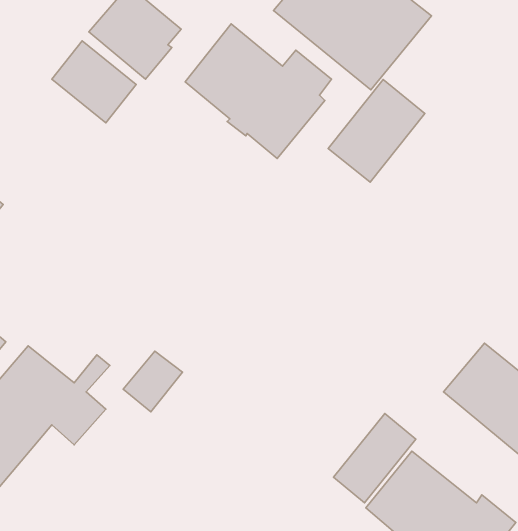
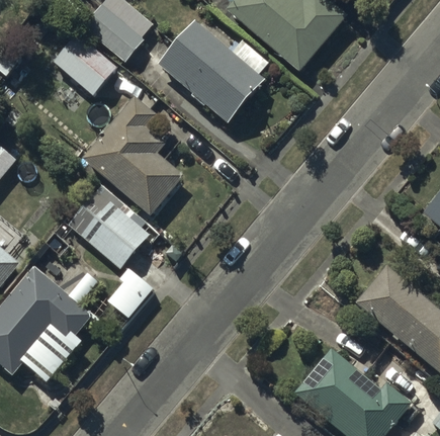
building: [328,79,425,182] -> none
building: none -> [83,96,184,214]
building: none -> [68,189,151,269]
building: [334,414,416,503] -> none

